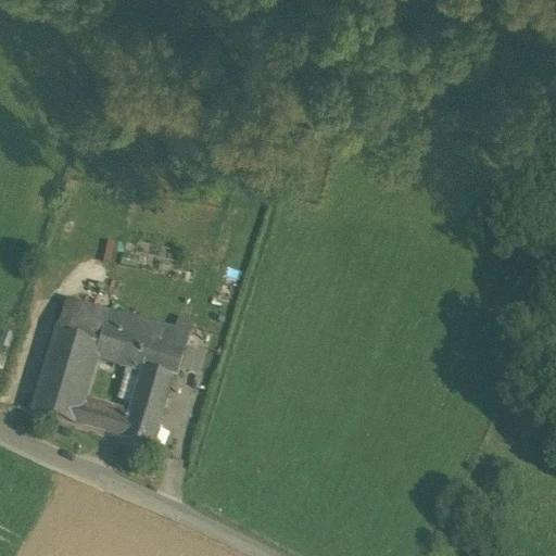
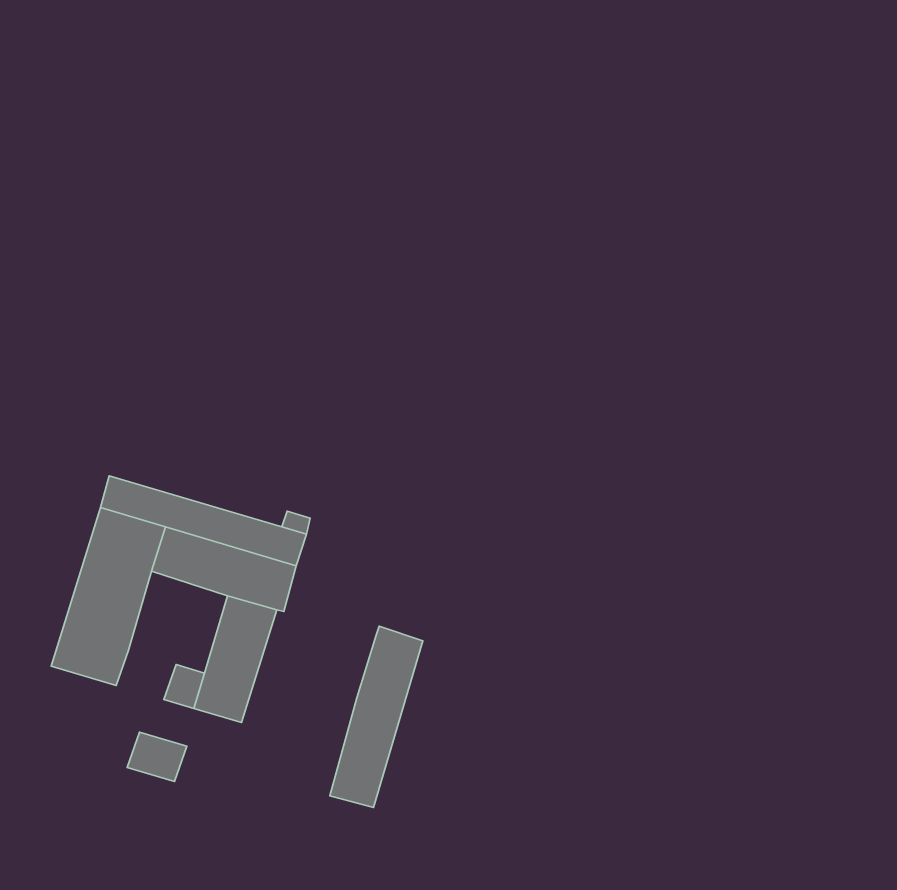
building: none -> [330,626,423,808]
building: [72,401,109,431] -> [127,732,187,782]

